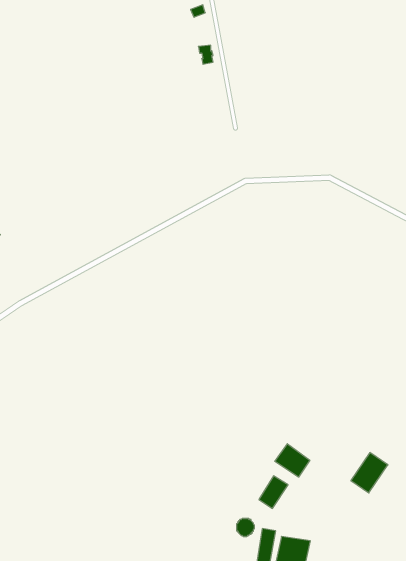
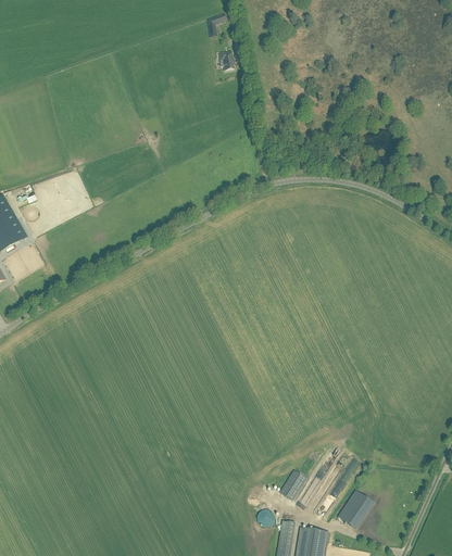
building: [275,444,310,477] -> none
building: [351,453,388,493] -> [337,490,373,529]

